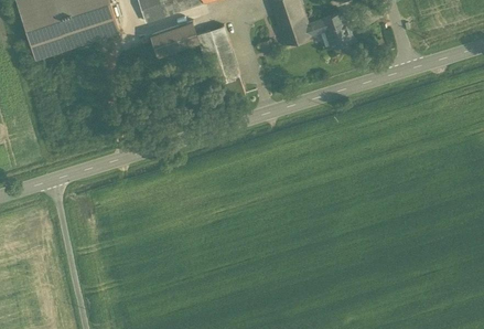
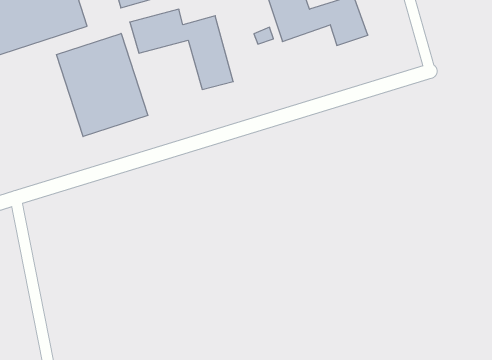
building: none -> [56,33,148,137]

